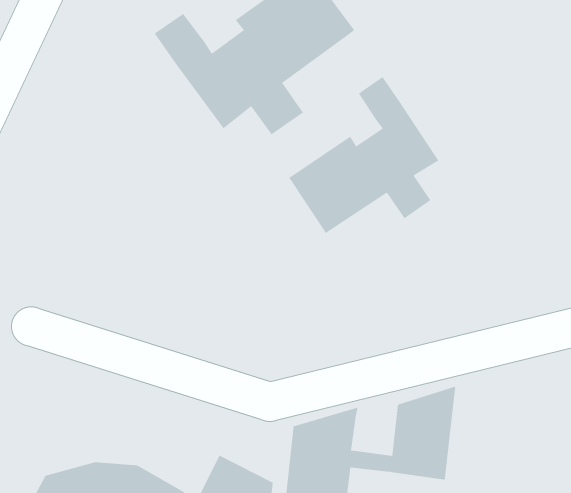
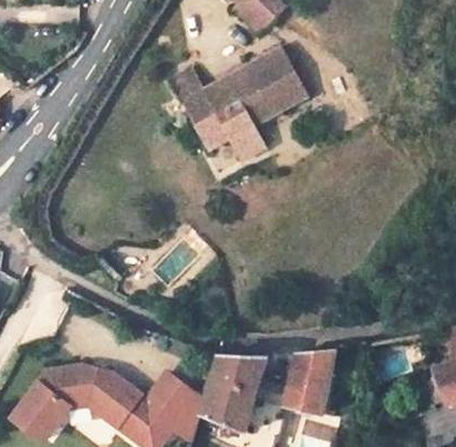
building: [289,76,439,234] -> none

